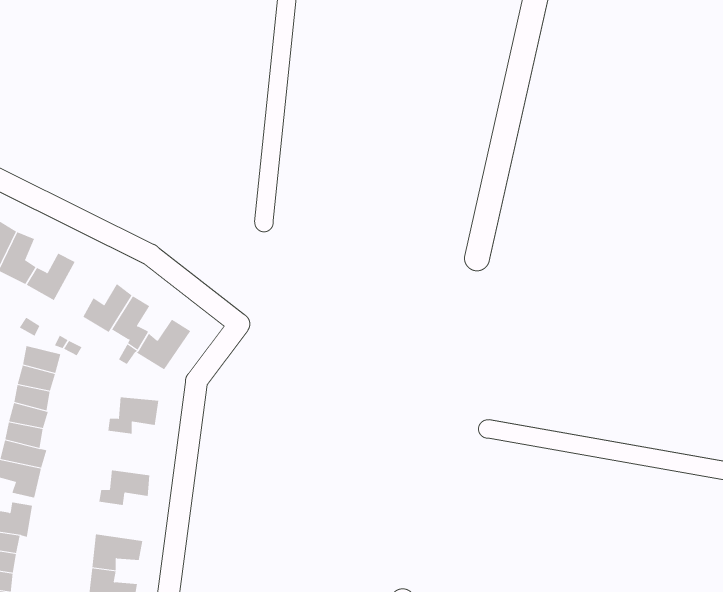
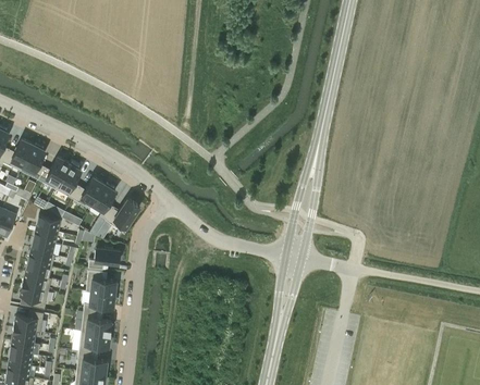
building: none -> [56,163,79,197]
building: none -> [85,269,115,294]
building: none -> [81,310,111,334]

